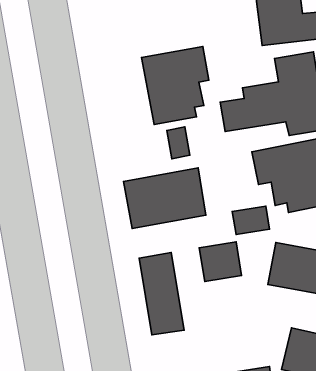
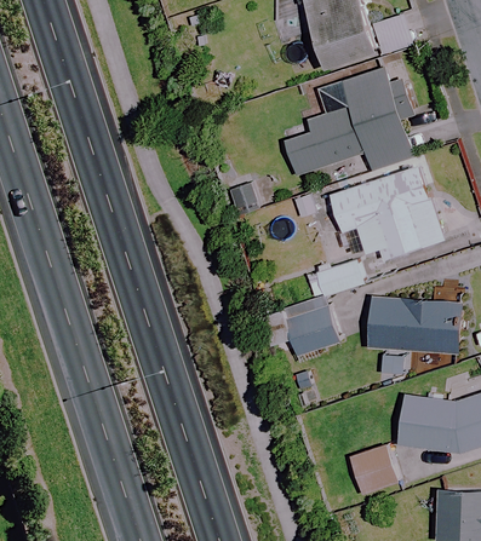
building: [142,46,209,124] -> none
building: [123,168,206,229] -> none
building: [139,253,184,335] -> none

